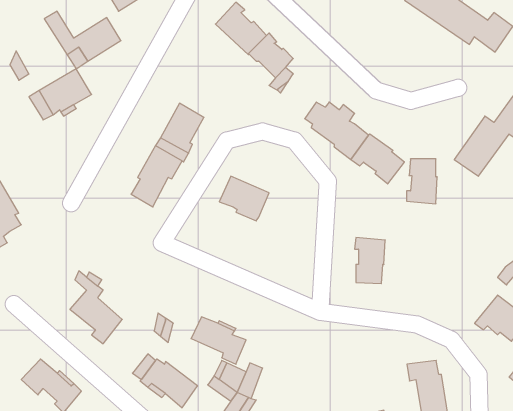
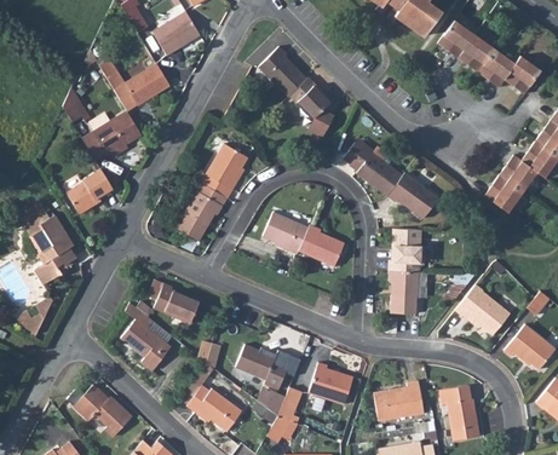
building: none -> [67,167,111,211]
building: [407,159,437,204] -> [392,230,421,272]
building: none -> [300,224,345,266]
building: none -> [146,278,201,323]
building: none -> [456,286,510,335]
building: none -> [310,363,352,404]
building: none -> [375,382,425,421]

